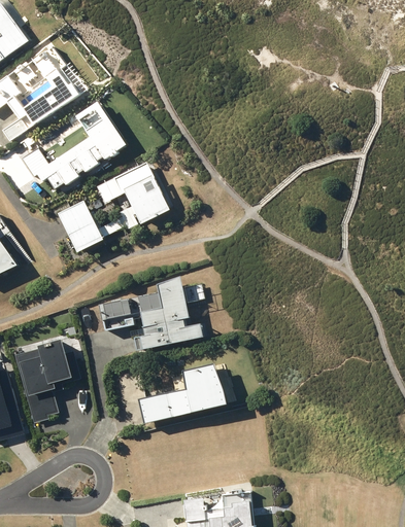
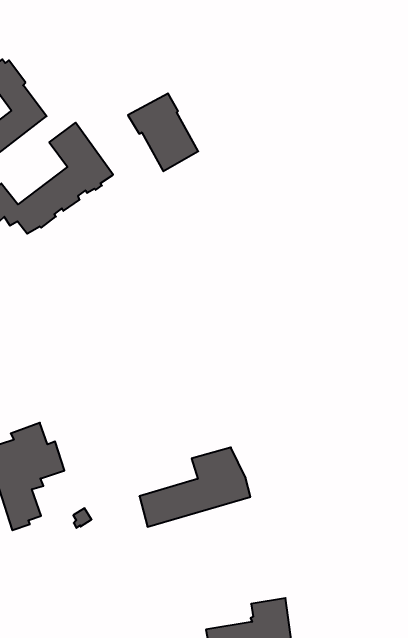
building: [111,164,166,225] -> [128,93,198,171]
building: [61,201,100,243] -> none
building: [99,276,204,348] -> none

